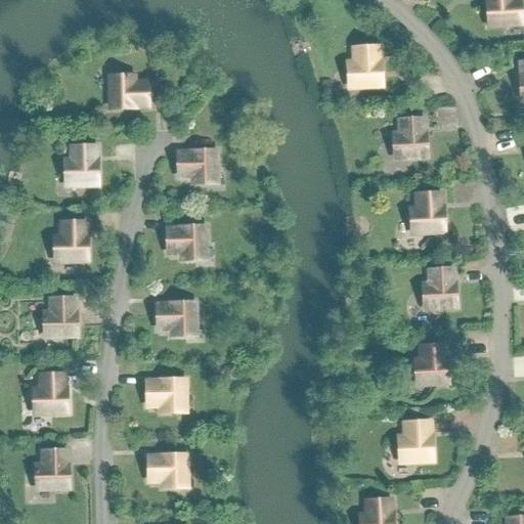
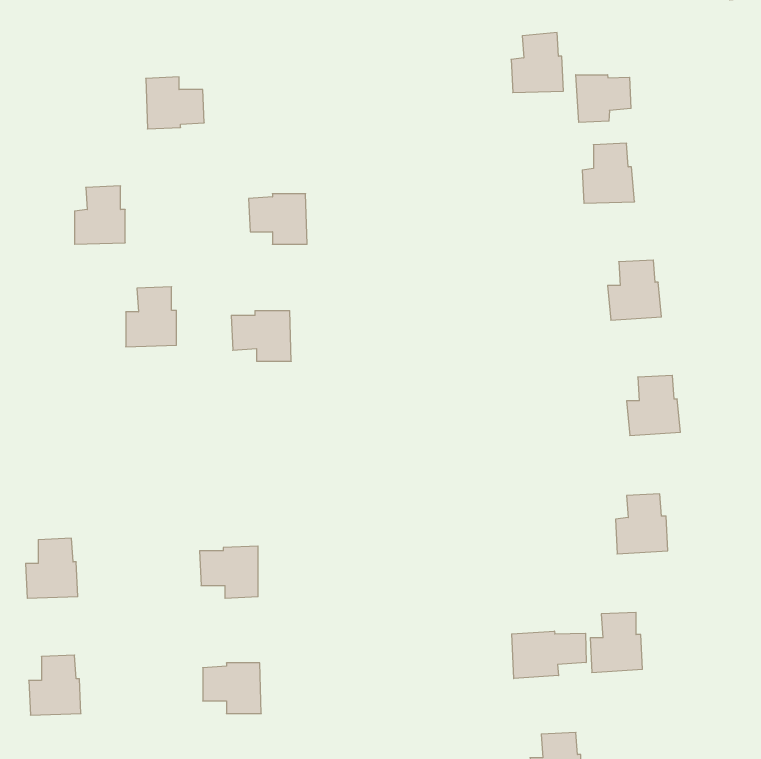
building: none -> [576,75,631,122]
building: [54,220,87,259] -> [126,287,176,347]
building: [43,296,77,335] -> none
building: [156,301,194,335] -> none
building: none -> [512,631,586,679]

